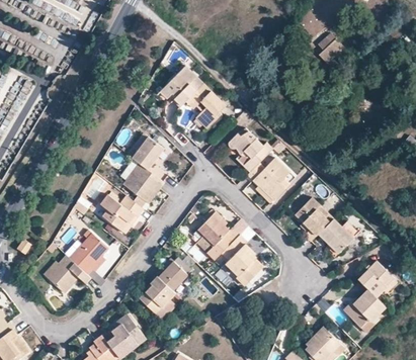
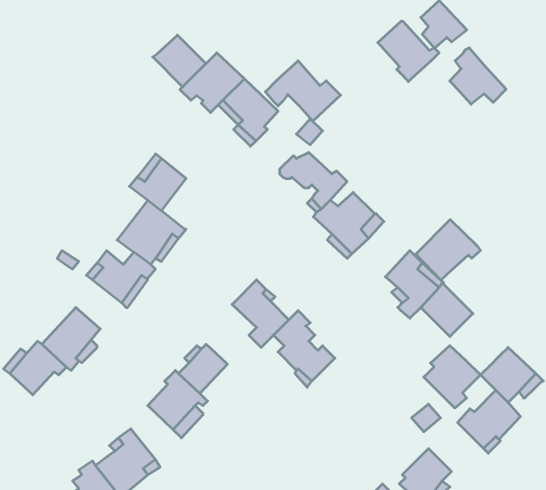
building: none -> [378,21,439,82]
building: none -> [153,35,206,87]
building: none -> [450,48,506,104]
building: none -> [265,61,341,121]
building: none -> [416,220,480,280]
building: none -> [424,346,481,408]

